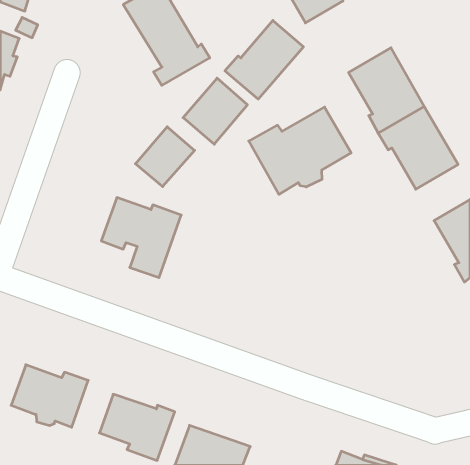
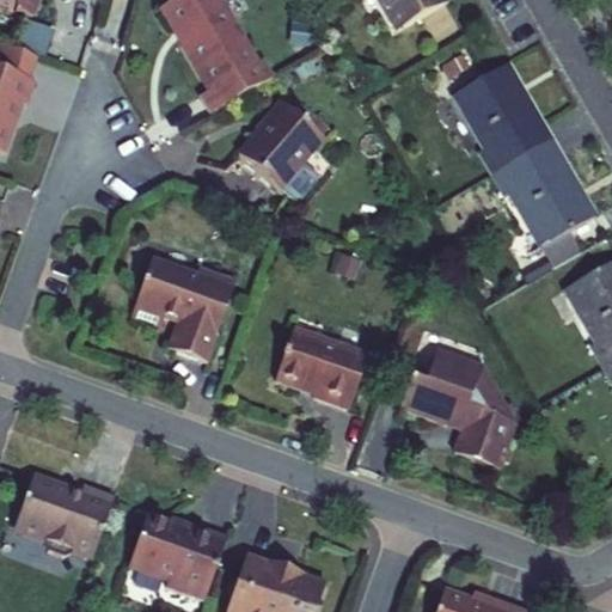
building: [225,20,303,99] -> none
building: [249,107,351,194] -> none
building: [135,127,195,187] -> none
building: none -> [275,326,368,408]
building: none -> [399,349,514,467]

